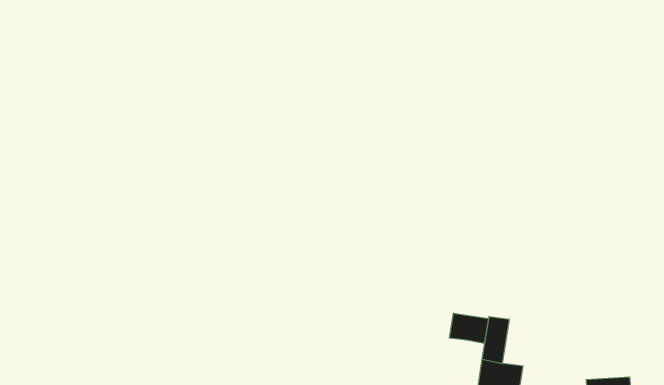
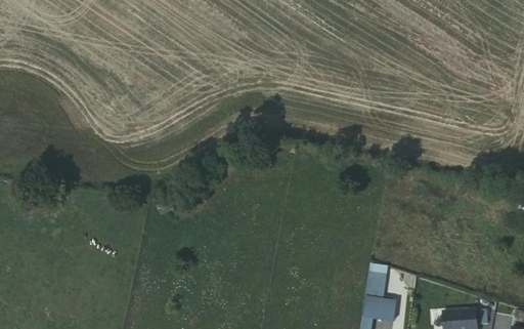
building: [449,313,489,344] -> none

